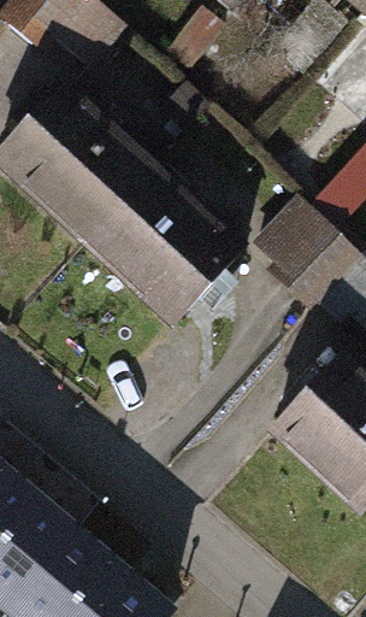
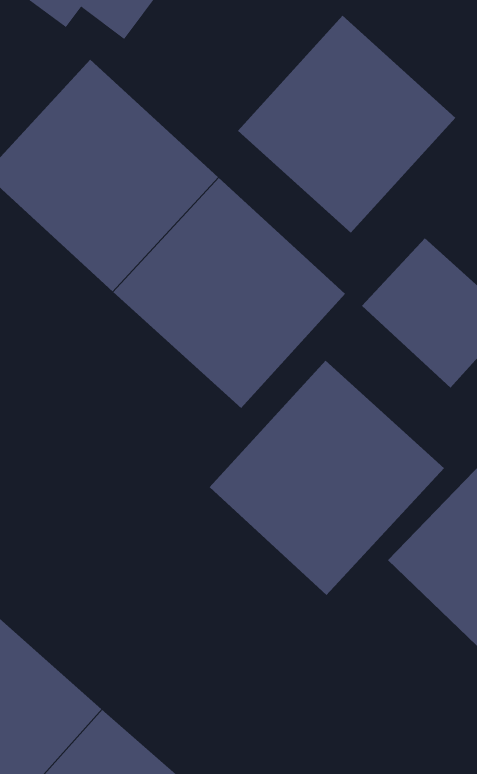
building: none -> [237,15,456,234]
building: none -> [209,360,445,596]

